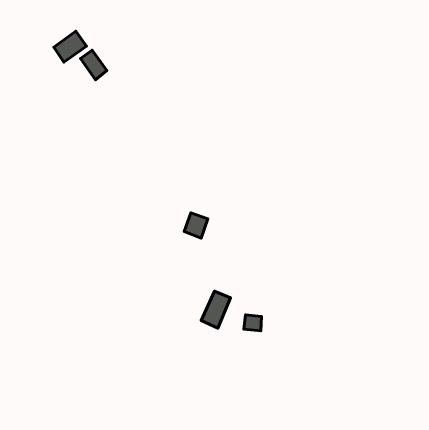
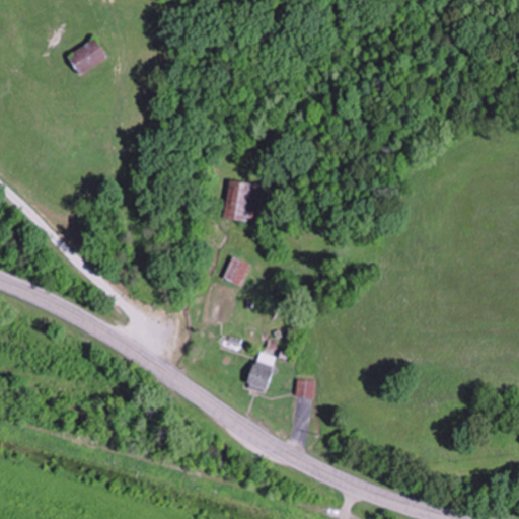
building: [80,50,107,80] -> none
building: none -> [222,179,261,222]

